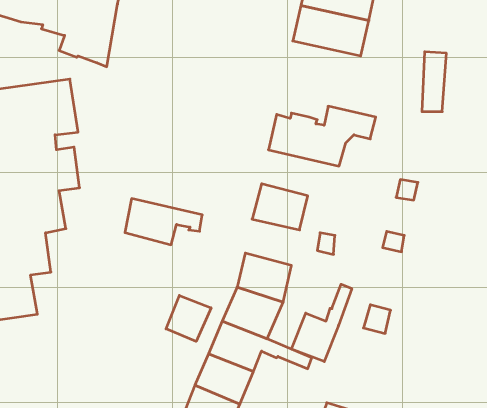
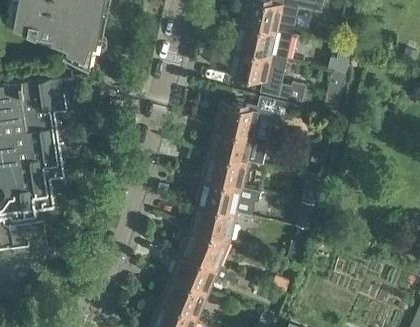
building: none -> [230,49,305,102]
building: [125,199,202,245] -> [212,129,269,163]
building: none -> [200,180,240,214]
building: [292,284,352,362] -> none
building: [166,295,211,341] -> none

